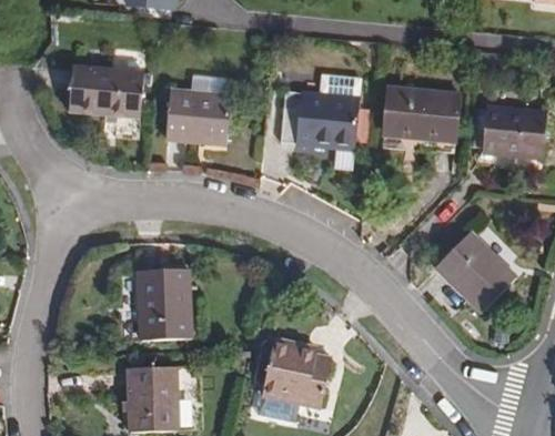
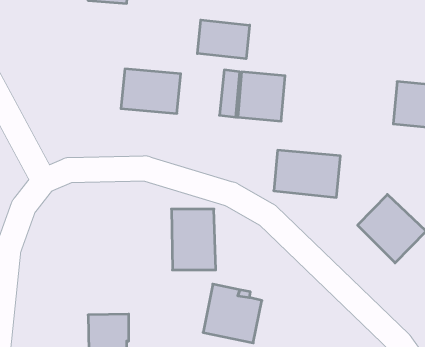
building: none -> [197,20,250,59]
building: [67,65,143,119] -> none
building: [380,84,456,139] -> [274,150,340,197]
building: [139,272,190,342] -> [171,209,216,270]

